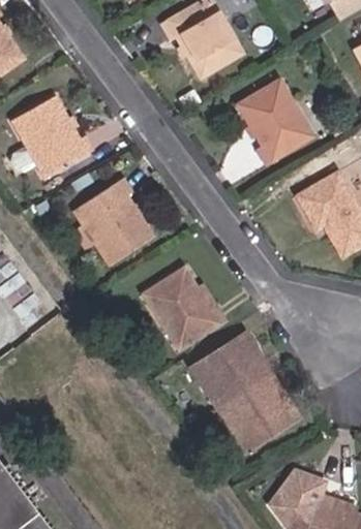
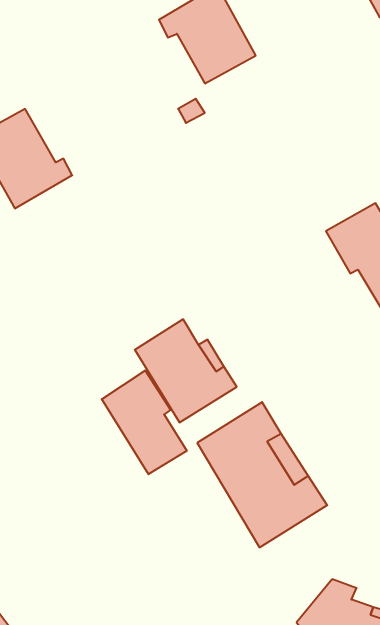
building: [239,81,311,164] -> none
building: [77,178,152,262] -> none
building: none -> [102,370,187,474]

